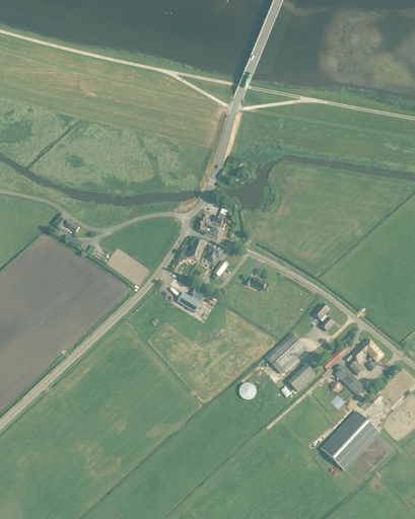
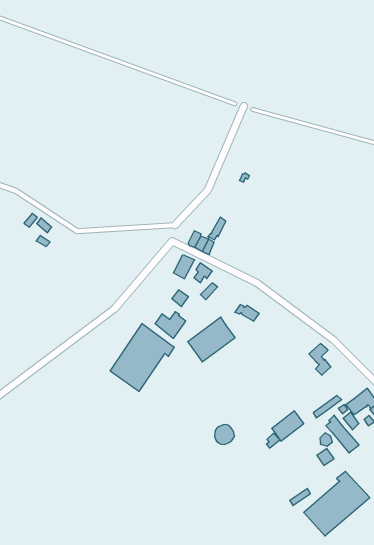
building: none -> [110,324,174,391]
building: [266,332,306,373] -> [188,317,235,362]

